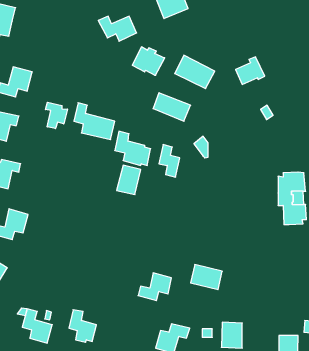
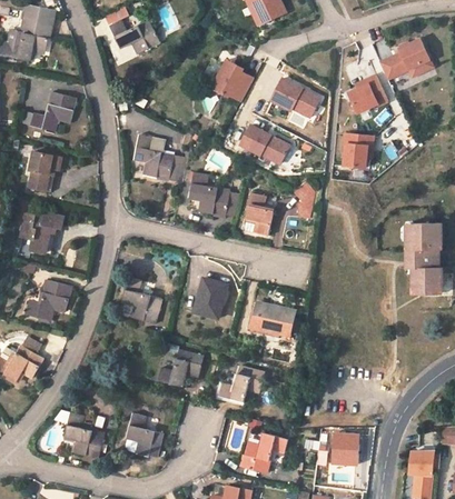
building: [98,16,137,41] -> [109,20,160,53]
building: none -> [380,40,431,80]
building: none -> [345,134,374,168]
building: [46,102,67,129] -> none
building: [117,165,141,195] -> [194,280,226,319]
building: none -> [119,277,159,322]
building: [191,265,222,290] -> [253,300,295,333]
building: none -> [158,357,200,386]

